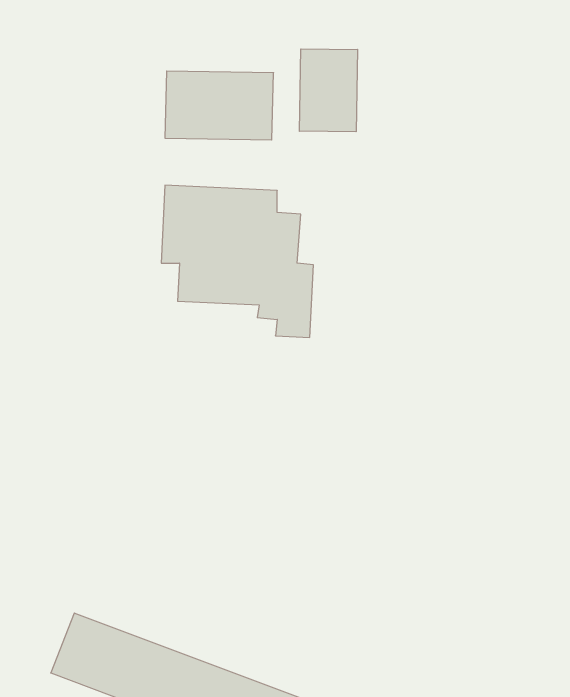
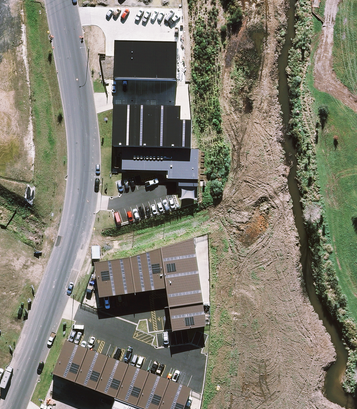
building: [299,49,358,132] -> none
building: none -> [91,247,202,330]

